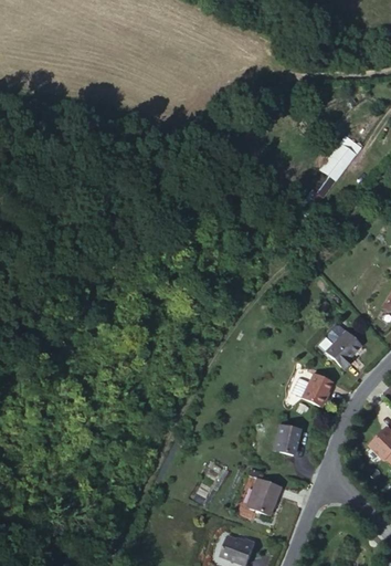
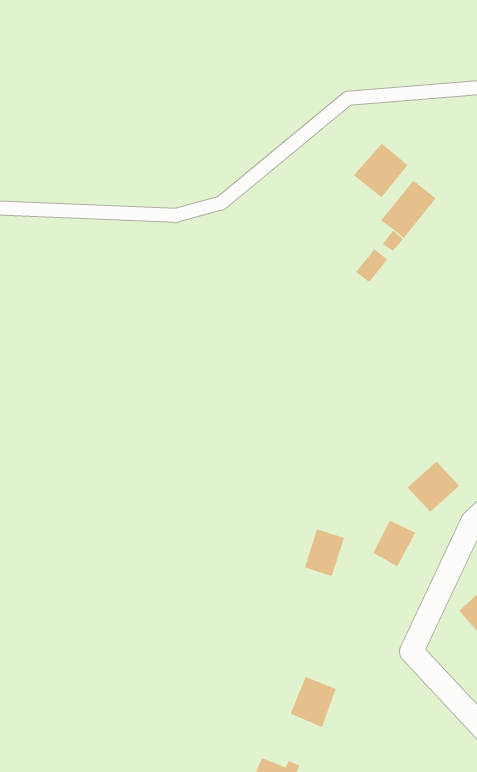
building: none -> [353,143,408,198]
building: [271,422,299,457] -> [304,528,345,577]

